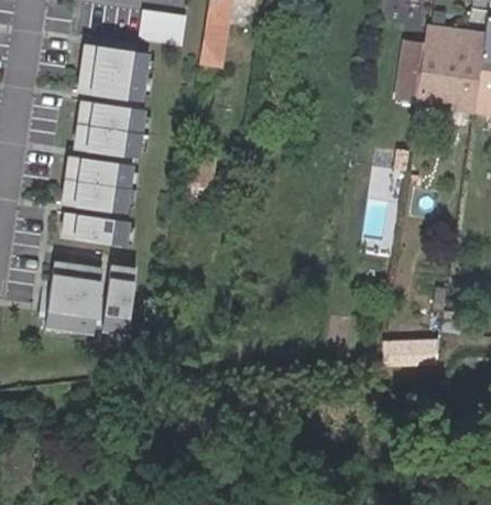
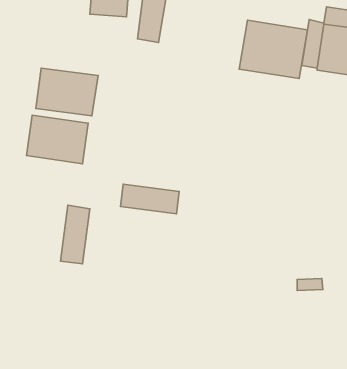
building: none -> [239,20,307,79]
building: [77,44,151,101] -> none
building: [61,212,131,247] -> [121,184,179,214]
building: [44,260,105,335] -> none

